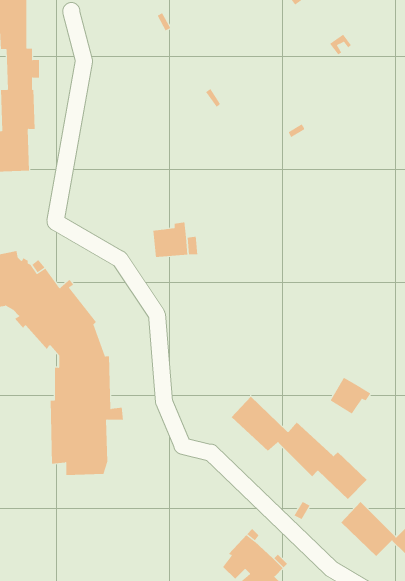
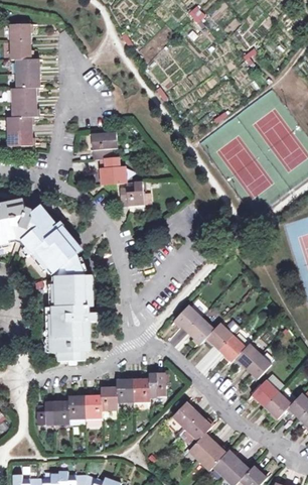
building: none -> [92,132,127,185]
building: [330,377,371,415] -> none
building: none -> [37,372,166,426]

